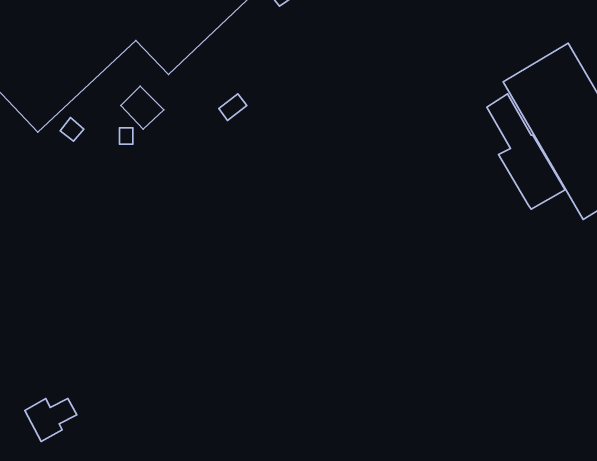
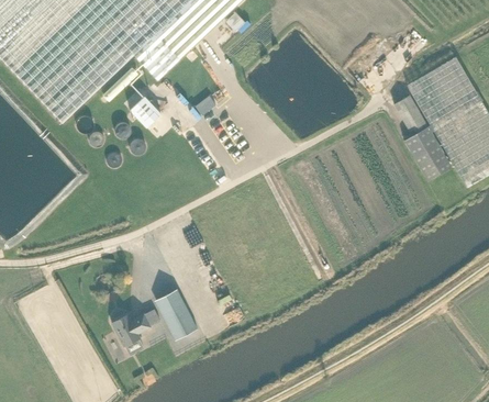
building: none -> [156,288,198,337]
building: [25,399,77,442] -> [112,313,151,345]

